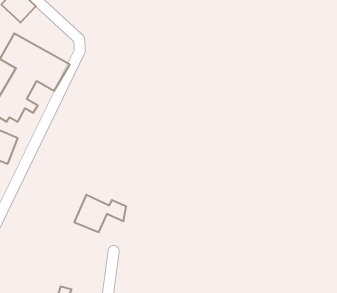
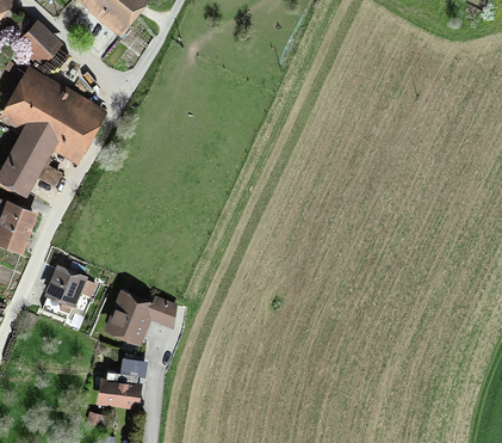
building: none -> [41,267,93,318]
building: none -> [101,370,137,405]

